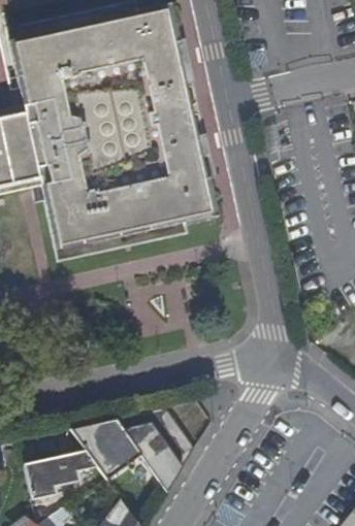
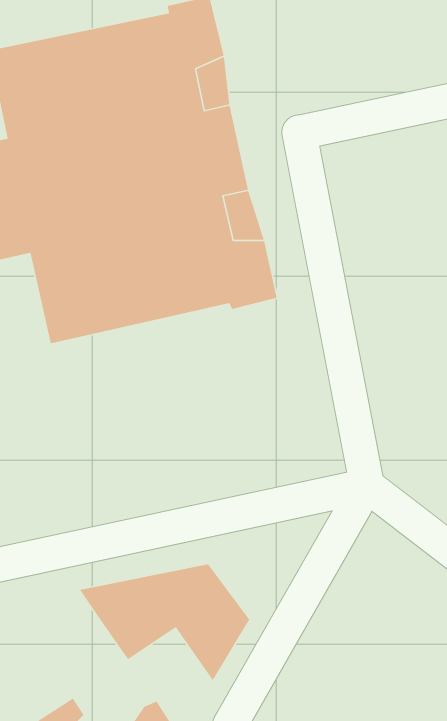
building: [24,450,97,499] -> none

